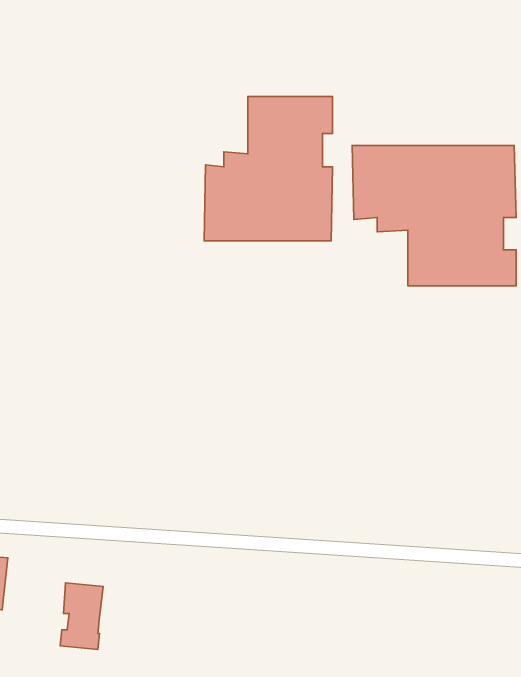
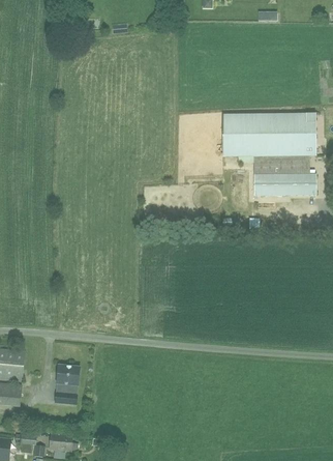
building: [204,96,333,241] -> none

